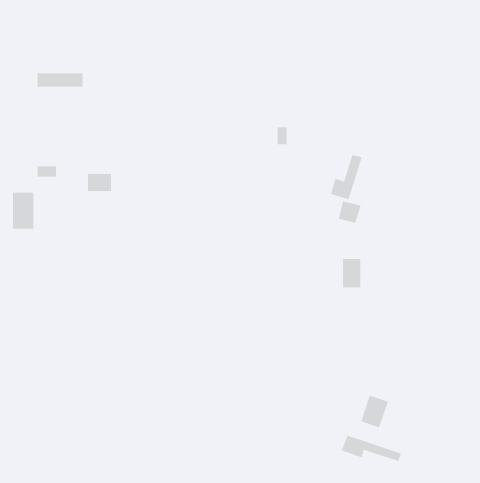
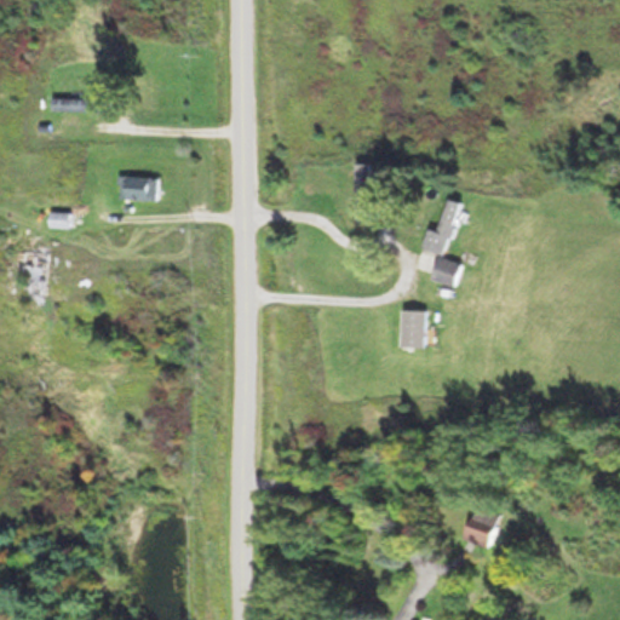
building: [87,173,112,191] -> [125,178,156,201]
building: [342,259,361,288] -> [401,310,425,348]
building: [341,435,402,462] -> none

